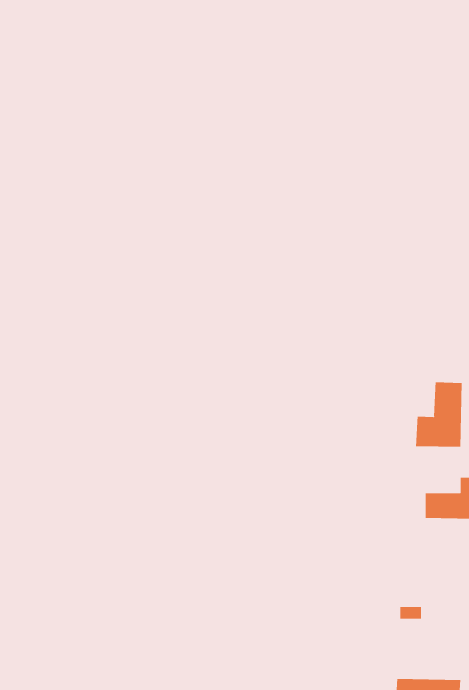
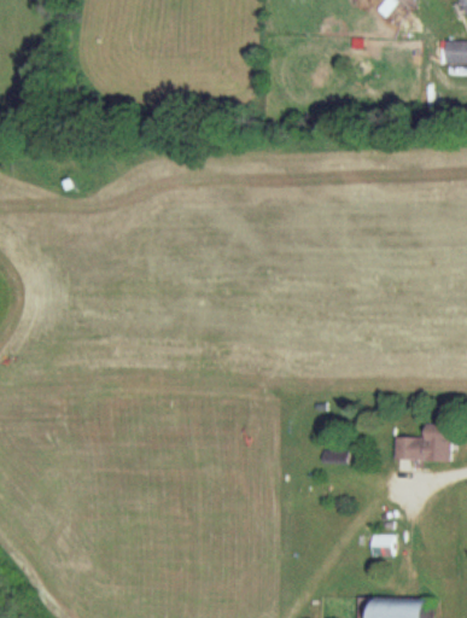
building: [416,381,462,447] -> none

